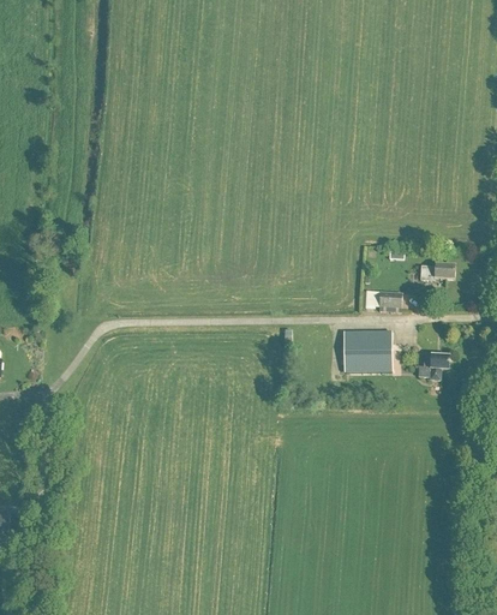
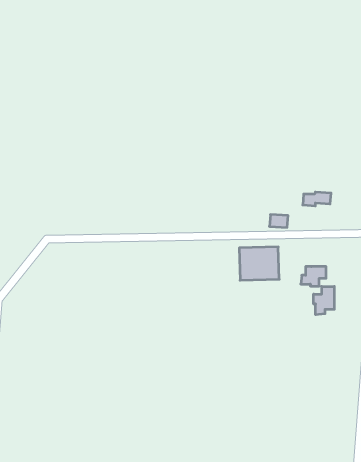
building: none -> [314,286,334,315]

